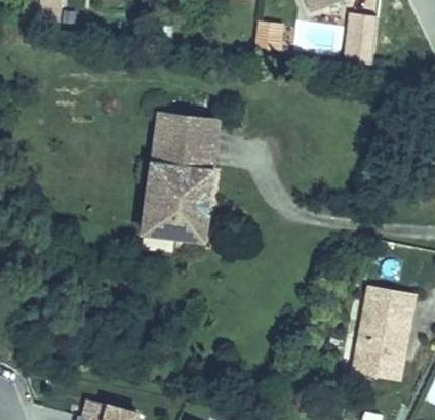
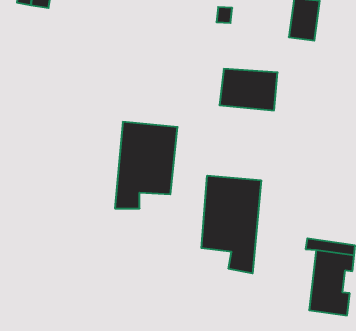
building: [150,112,218,160] -> [219,69,278,110]
building: none -> [201,176,261,273]

